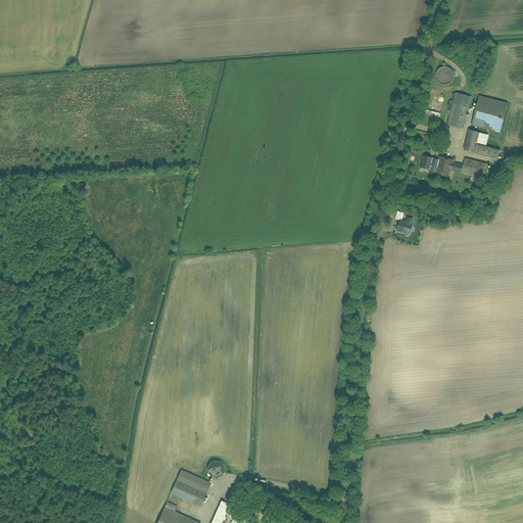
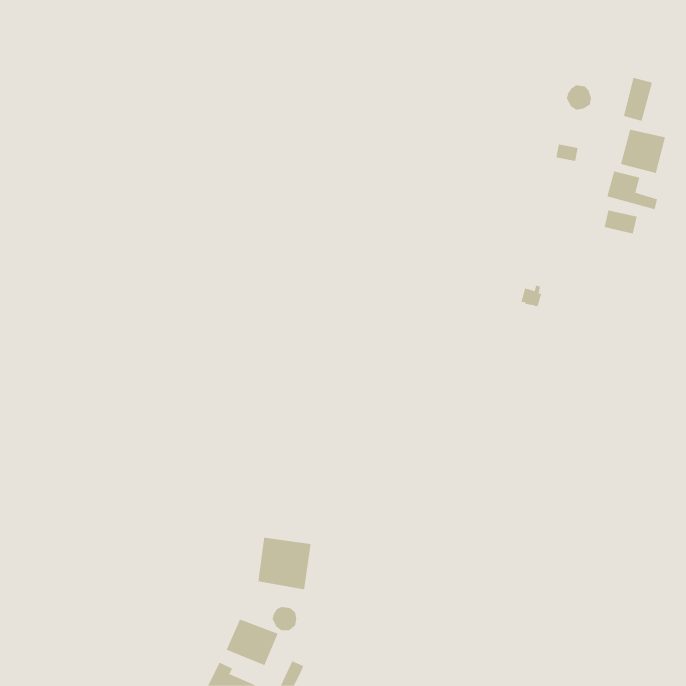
building: [448,93,471,127] -> [623,77,653,122]
building: [418,154,461,178] -> none
building: none -> [258,537,311,590]

